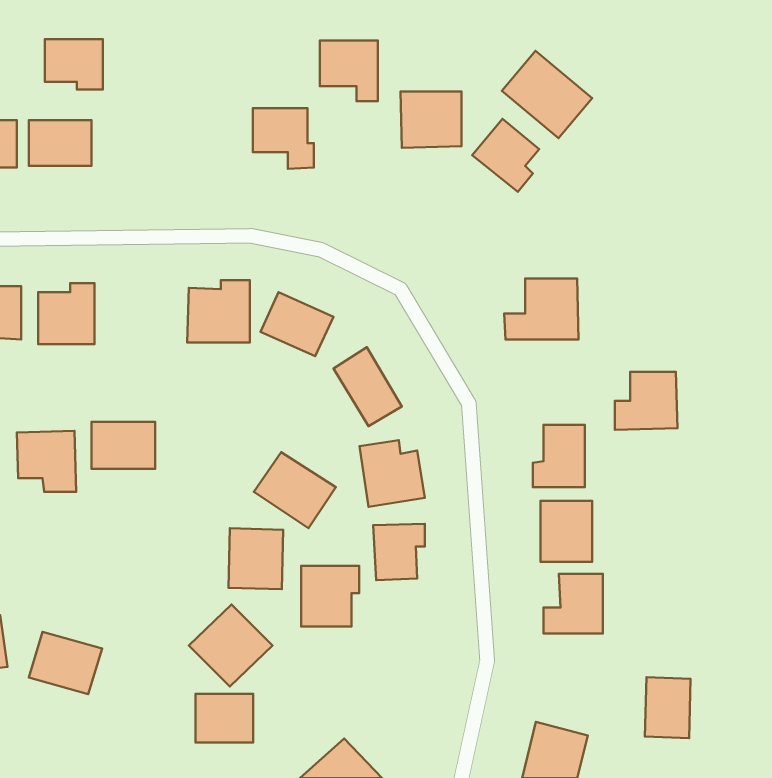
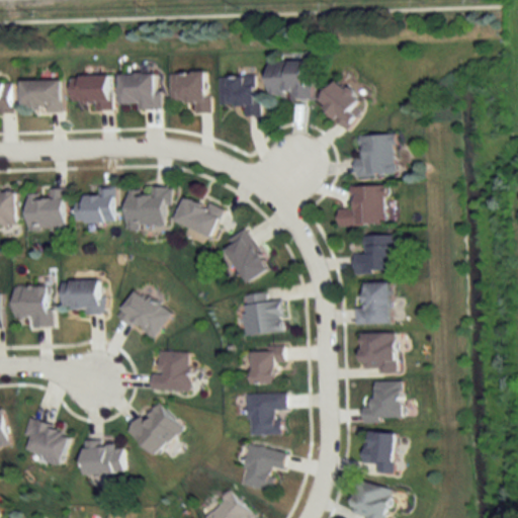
building: [45,39,103,89] -> [71,75,109,108]
building: [320,40,378,101] -> [218,75,256,115]
building: [502,51,592,138] -> none
building: none -> [117,73,158,107]
building: none -> [353,134,394,175]
building: none -> [74,187,113,222]
building: [615,372,677,430] -> [351,235,393,273]
building: [254,452,336,528] -> [115,289,170,340]
building: [301,566,359,627] -> [246,395,284,435]
building: none -> [239,445,284,490]
building: [645,677,691,738] -> [362,432,393,472]
building: [195,694,253,743] -> [82,441,120,473]

